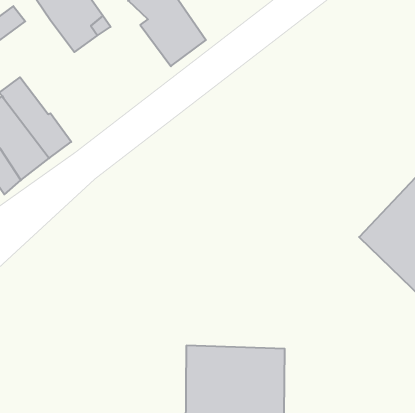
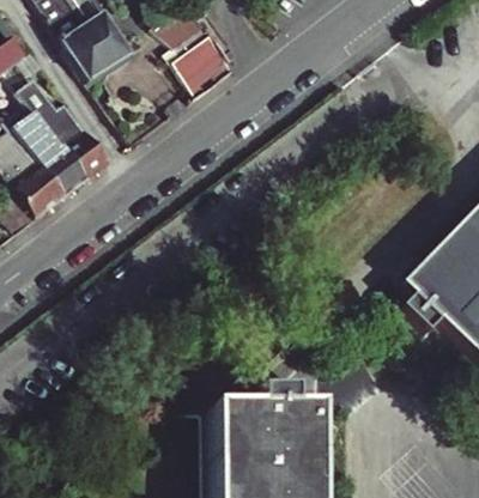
building: none -> [19,77,109,178]

